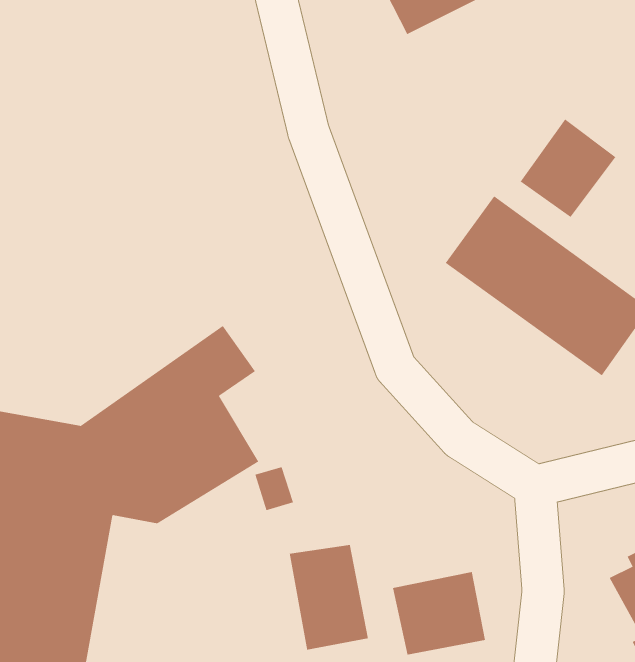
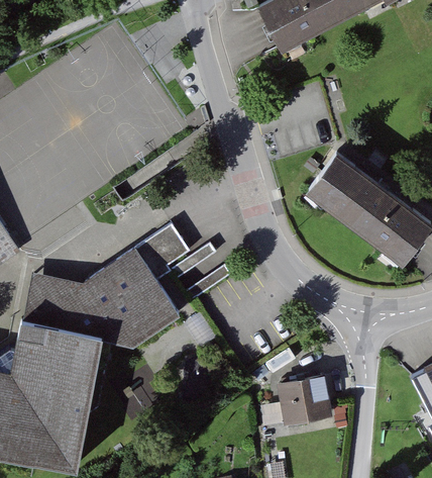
building: [520,119,616,218] -> none
building: [289,544,369,651] -> none

